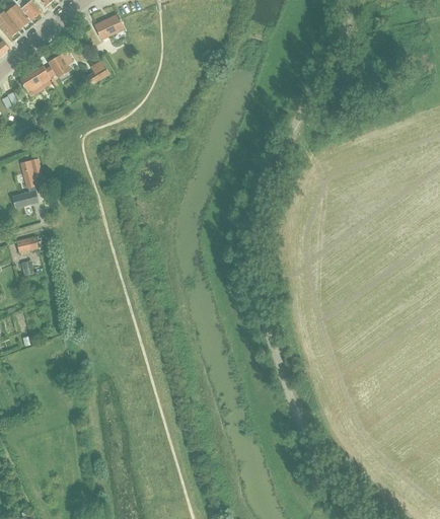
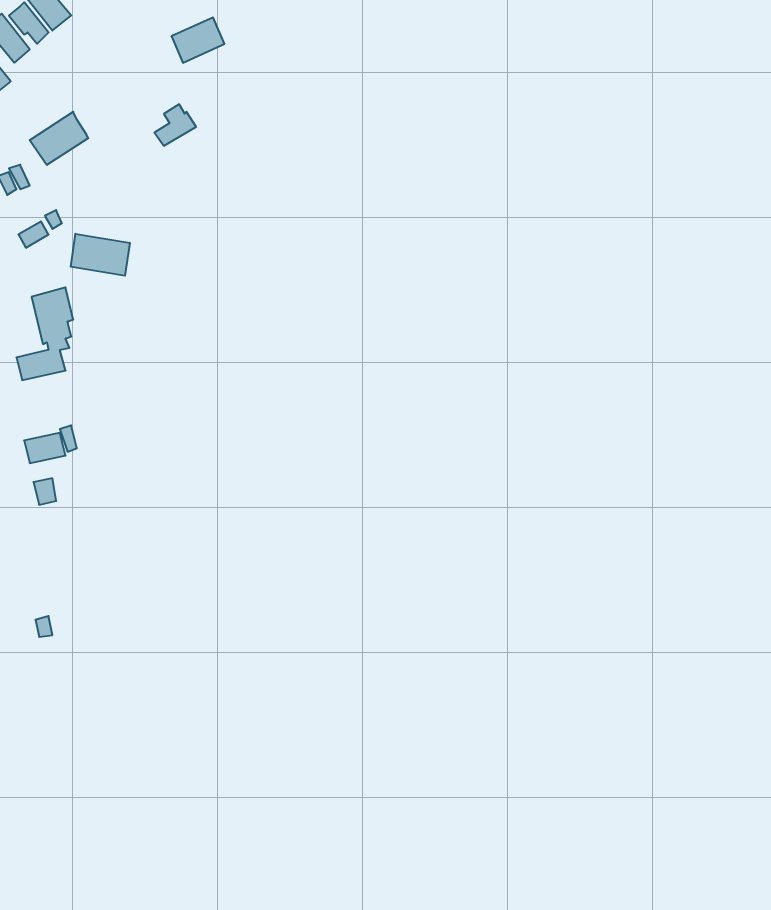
building: [44,50,72,77] -> none
building: none -> [71,234,130,276]

